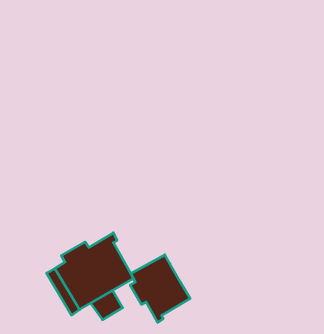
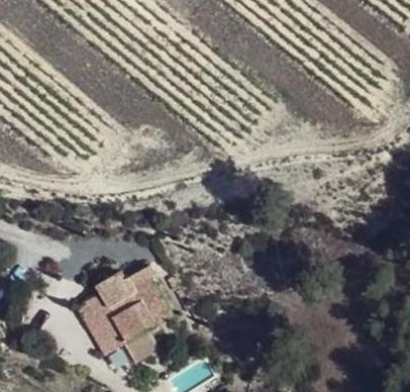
building: [130,255,190,322] -> none

